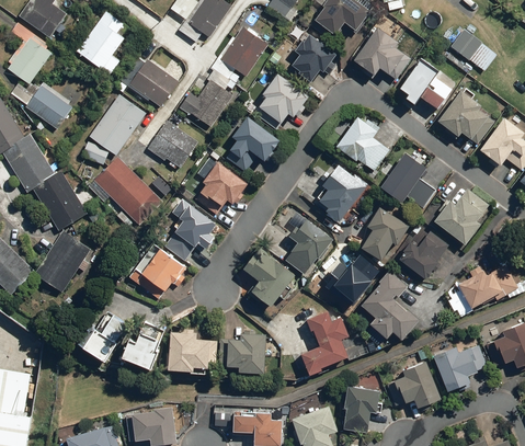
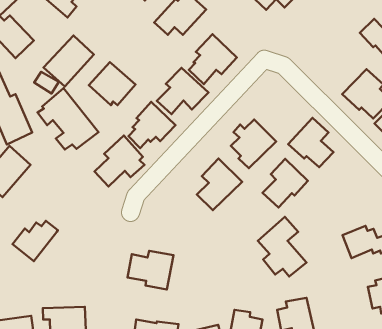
building: [352,26,409,77] -> none
building: [292,35,336,81] -> none
building: [402,57,453,108] -> none
building: [123,59,176,108] -> none
building: [176,70,233,129] -> none
building: [334,115,389,171] -> none
building: [432,190,488,244] -> none
building: [401,238,438,276] -> none
building: [127,243,186,300] -> none
building: [242,248,295,307] -> none
building: [323,260,375,305] -> none
building: [296,312,343,376] -> none
building: [125,325,166,367] -> none
building: [168,332,216,375] -> none
building: [434,347,483,390] -> none

